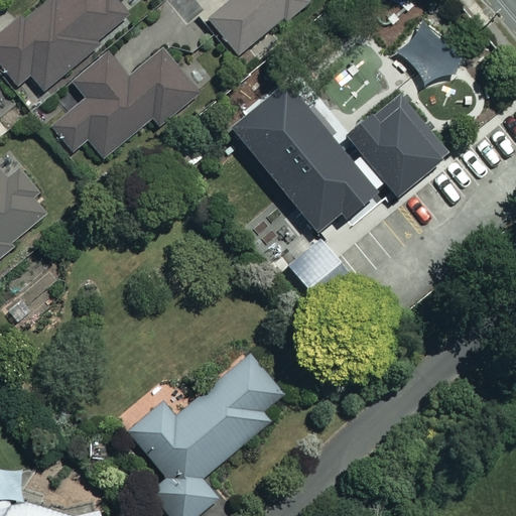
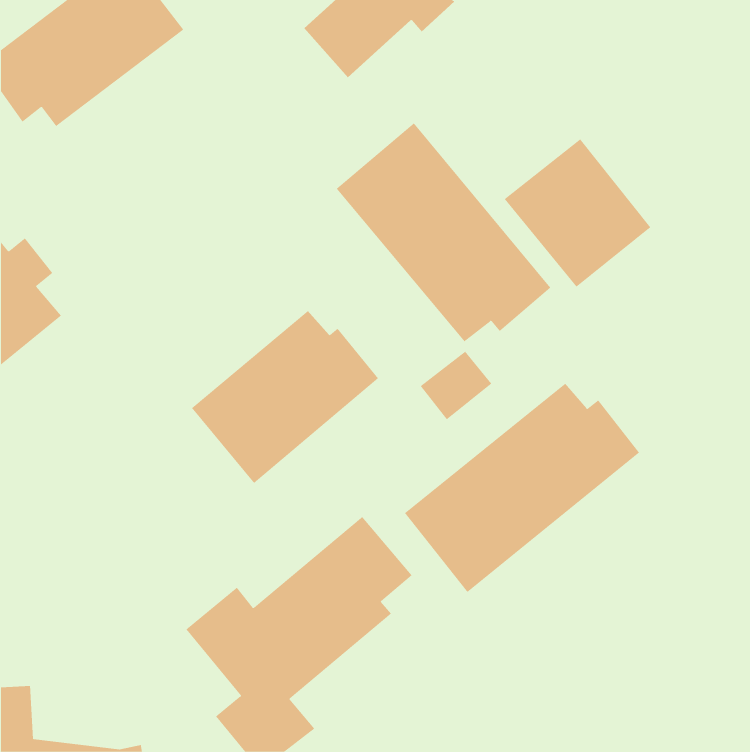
building: [397,21,464,83] -> none
building: [52,48,200,156] -> none
building: none -> [191,310,379,484]
building: none -> [404,383,640,593]

